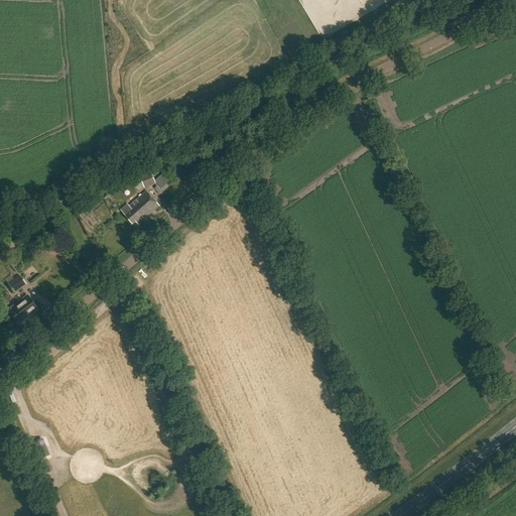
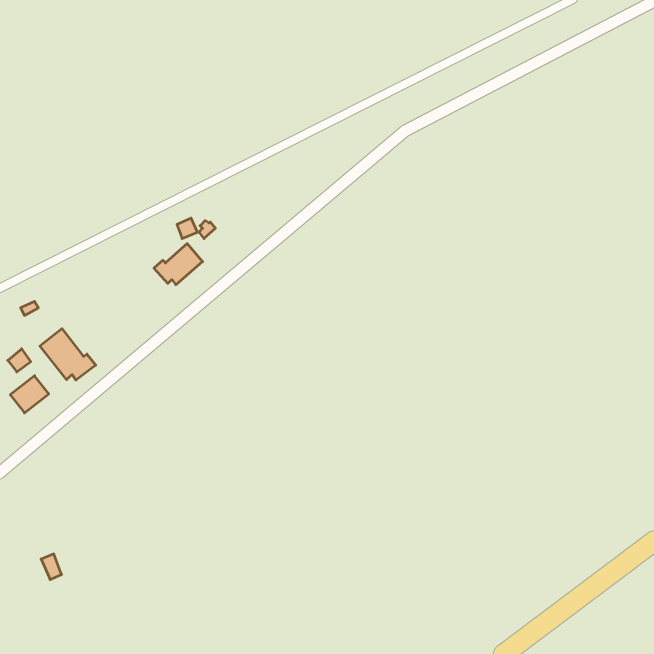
building: none -> [40,329,96,380]

